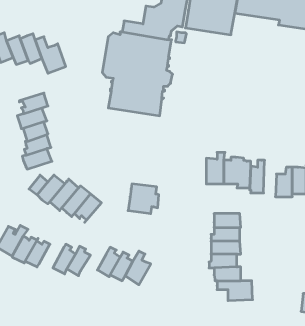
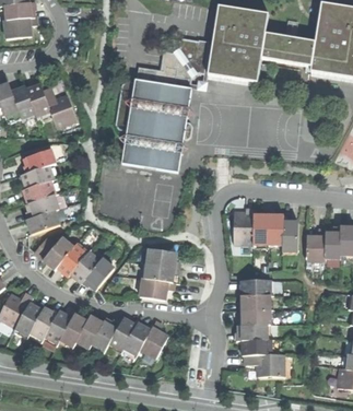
building: none -> [139,277,173,297]
building: none -> [45,310,72,343]
building: none -> [91,318,119,351]

